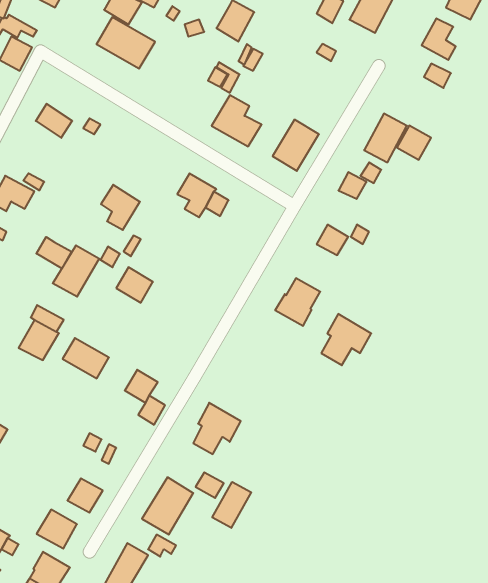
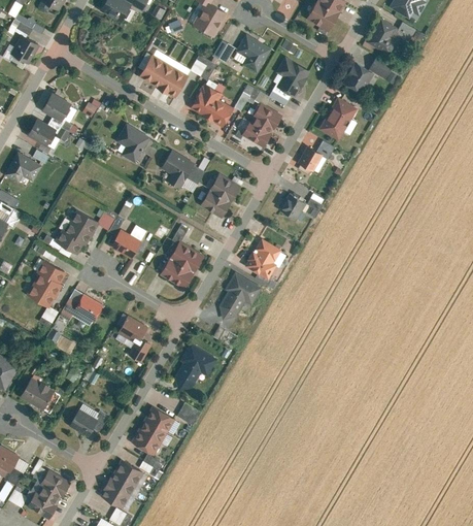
building: [96,17,155,69] -> [139,55,189,98]
building: none -> [237,35,271,73]
building: none -> [276,57,310,97]
building: [397,126,431,160] -> [343,63,372,92]
building: none -> [29,119,58,144]
building: [101,185,140,230] -> [116,124,149,162]
building: none -> [202,173,241,217]
building: [36,237,72,268] -> none
building: none -> [161,243,204,290]
building: [321,314,371,365] -> [219,272,262,316]
building: [212,482,251,528] -> none
building: [37,510,77,549] -> [20,377,54,410]

